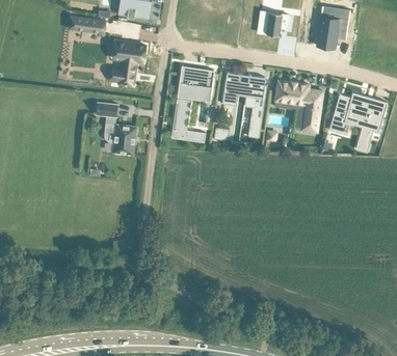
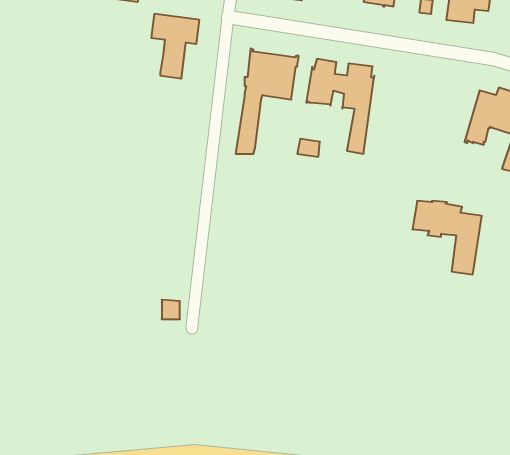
building: [274,80,322,131] -> [412,201,482,274]
building: [96,102,136,154] -> none

